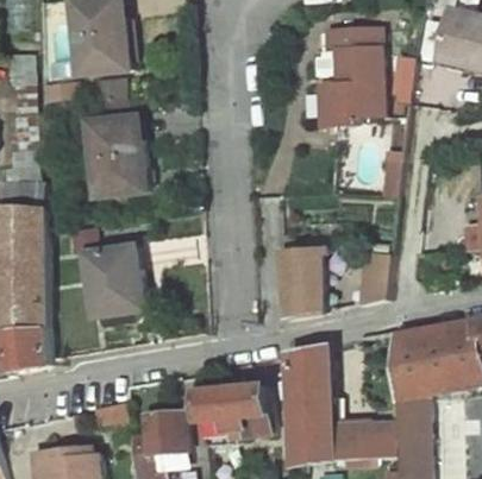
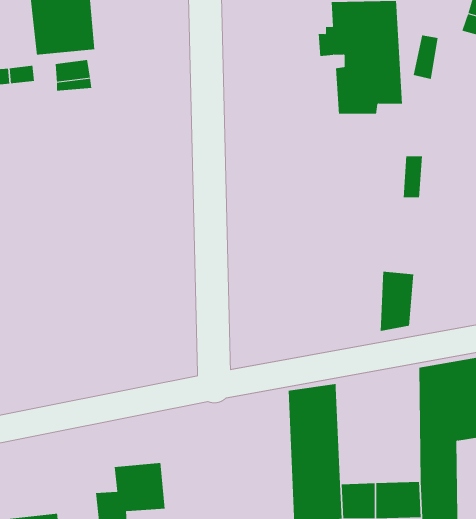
building: [84,116,142,196] -> none
building: [277,242,331,317] -> none
building: [83,247,142,316] -> none
building: [200,385,271,435] -> none

